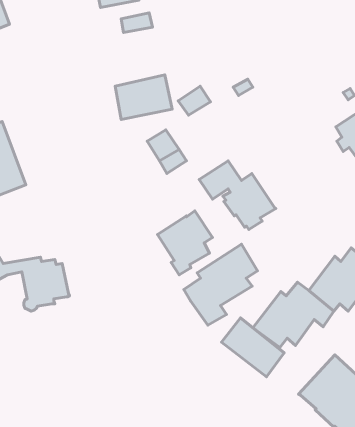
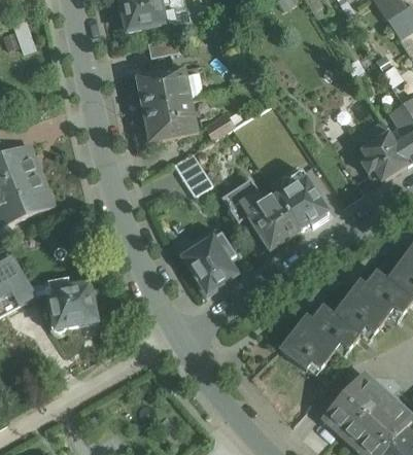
building: none -> [135,66,191,109]
building: none -> [277,181,329,230]
building: [184,244,257,325] -> none
building: [222,318,284,377] -> none

